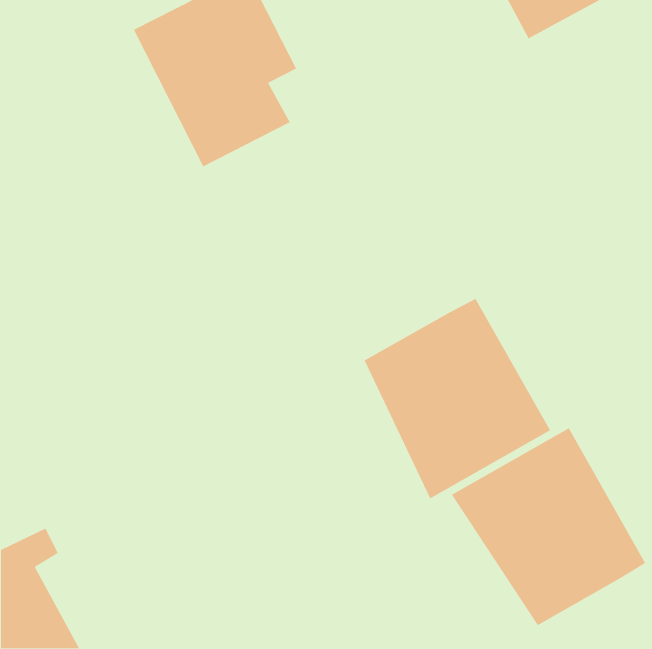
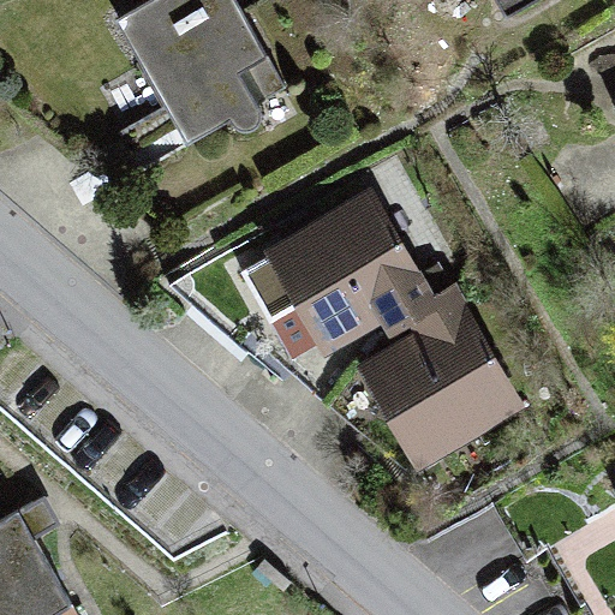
building: none -> [256,185,423,357]
building: [451,427,646,626] -> none

